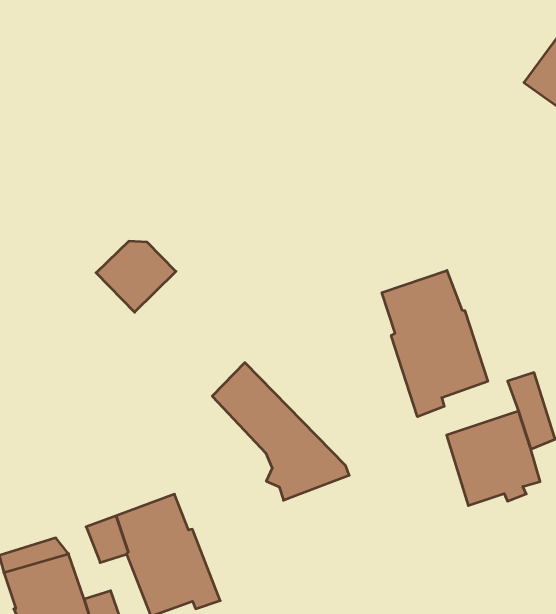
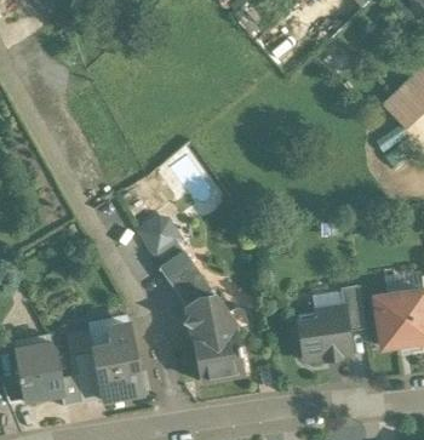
building: [96,241,176,312] -> [136,213,184,257]
building: [382,270,488,417] -> none
building: none -> [195,327,242,379]

